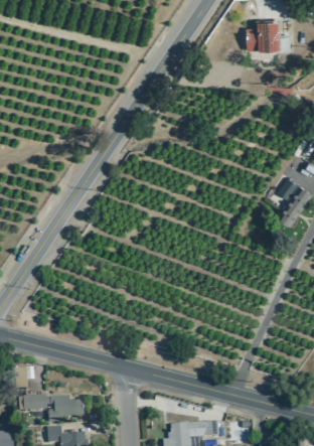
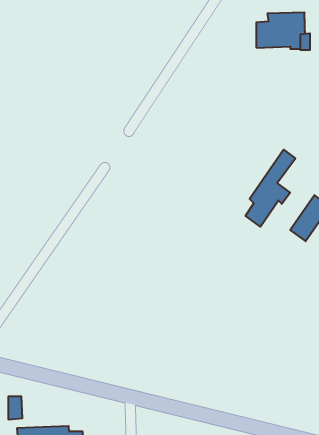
building: none -> [246,150,295,227]

